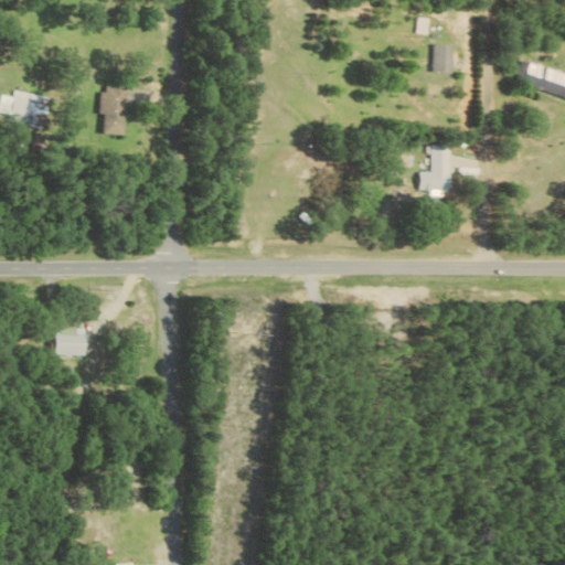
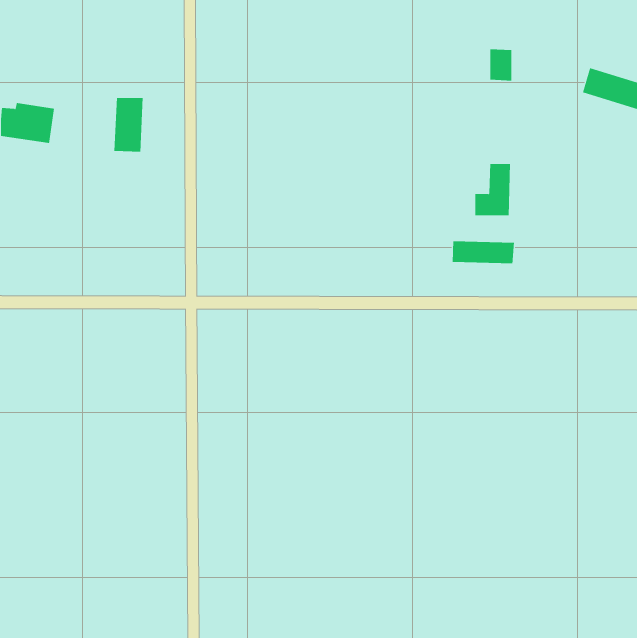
building: none -> [452,241,515,264]
building: [51,328,83,354] -> none

